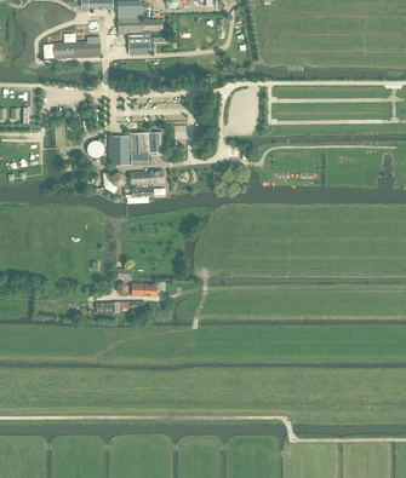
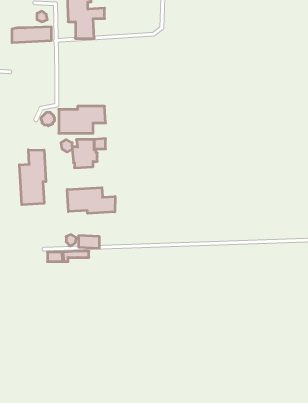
building: none -> [19,150,46,205]
building: none -> [67,188,115,213]

